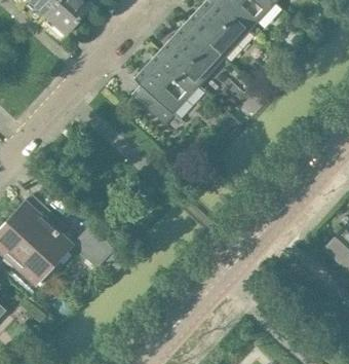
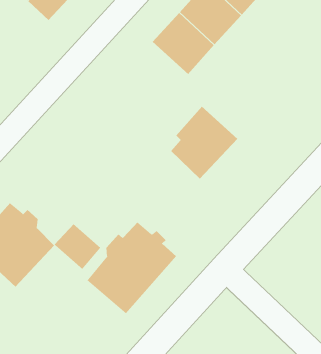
building: [131,56,195,124] -> [170,106,238,180]
building: none -> [87,221,177,314]

